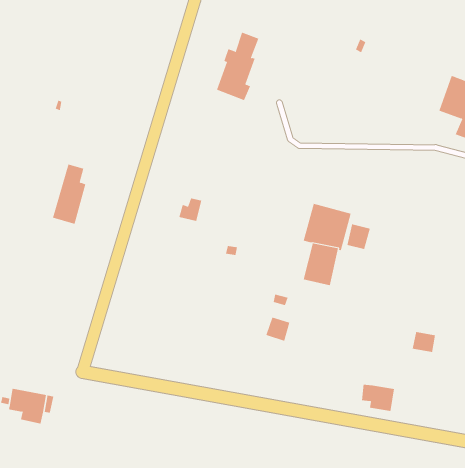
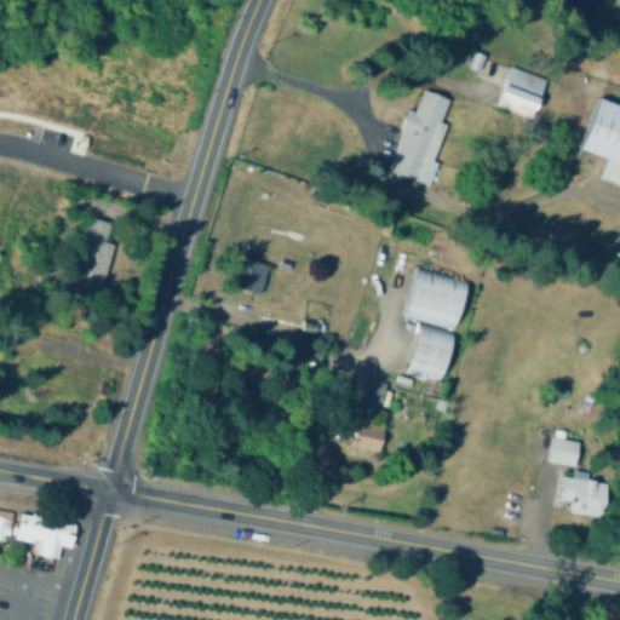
building: [216,32,259,101] -> [394,90,450,180]
building: none -> [501,71,546,120]
building: [347,223,370,250] -> none
building: [361,384,395,412] -> [562,482,607,518]

